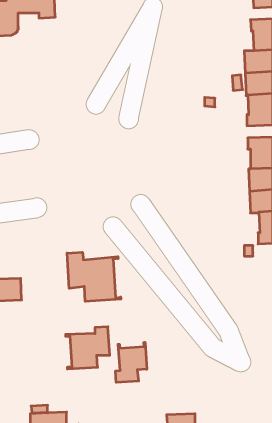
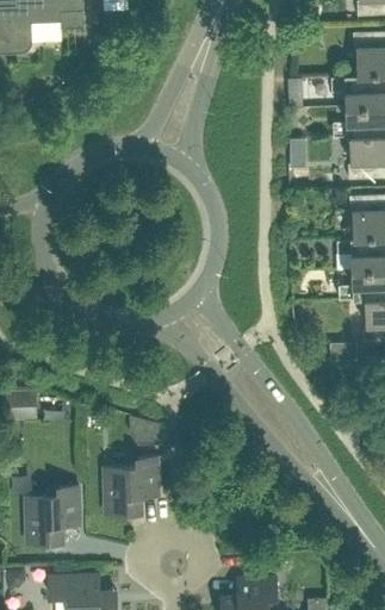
building: [67,252,121,301] -> none
building: [116,342,147,382] -> none
building: none -> [20,486,80,543]

